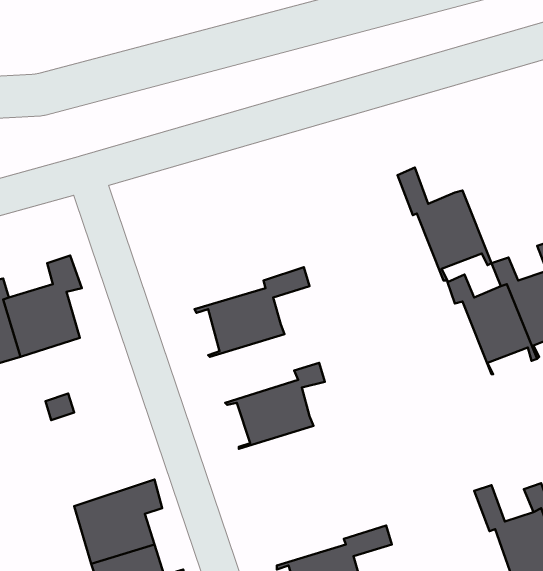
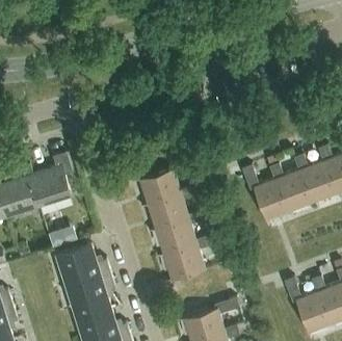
building: [398,167,491,280] -> [243,165,294,227]
building: none -> [141,186,195,233]
building: none -> [157,236,211,284]
building: none -> [57,245,111,289]

